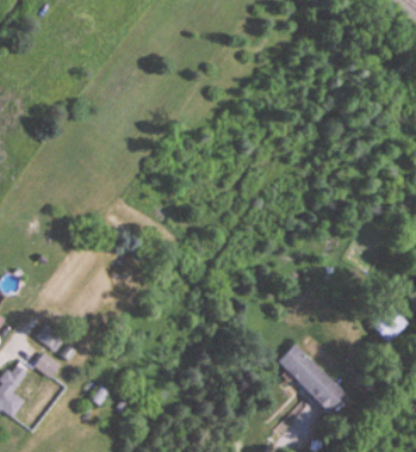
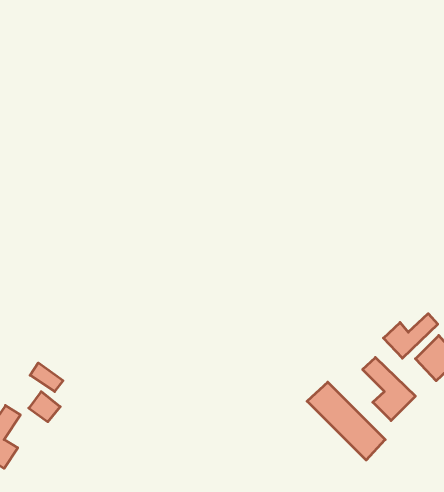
building: none -> [383,314,438,358]
building: none -> [363,357,415,421]

